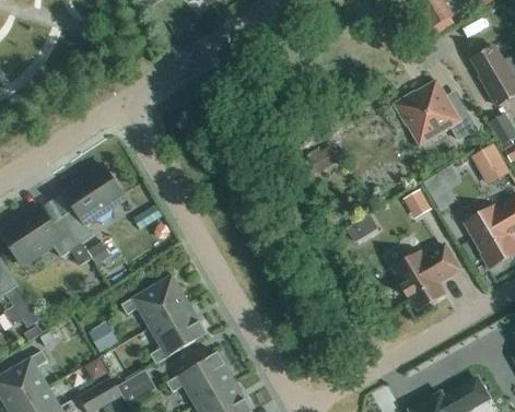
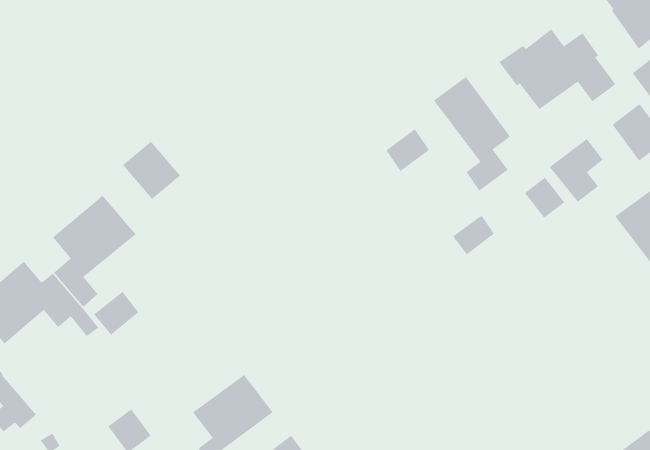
building: none -> [433,76,511,191]
building: none -> [122,141,181,200]
building: [394,245,459,309] -> none
building: [120,274,189,328] -> none

